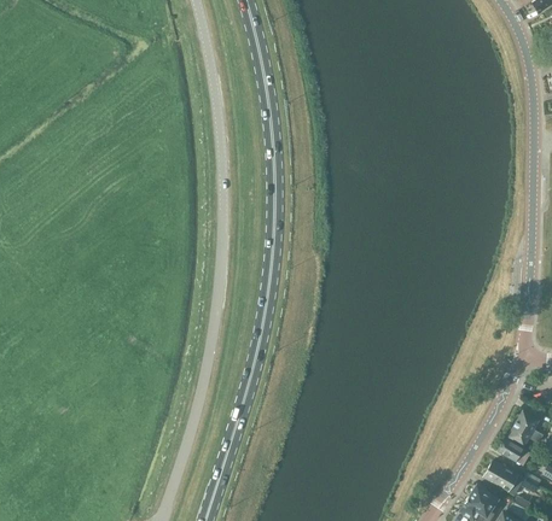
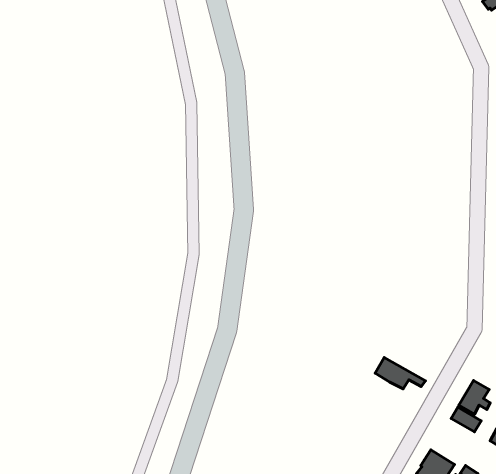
building: [486,462,540,496] -> [375,357,426,389]

